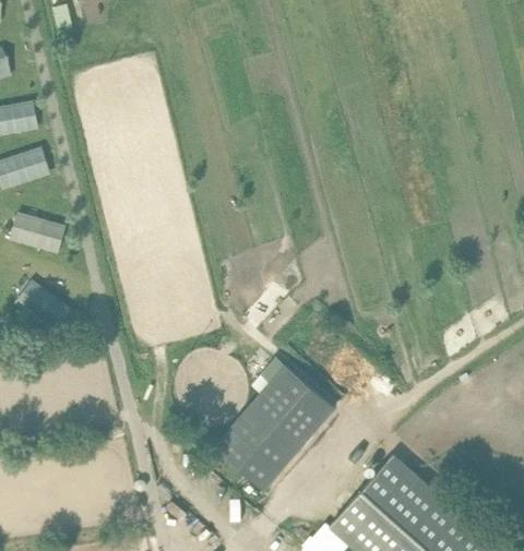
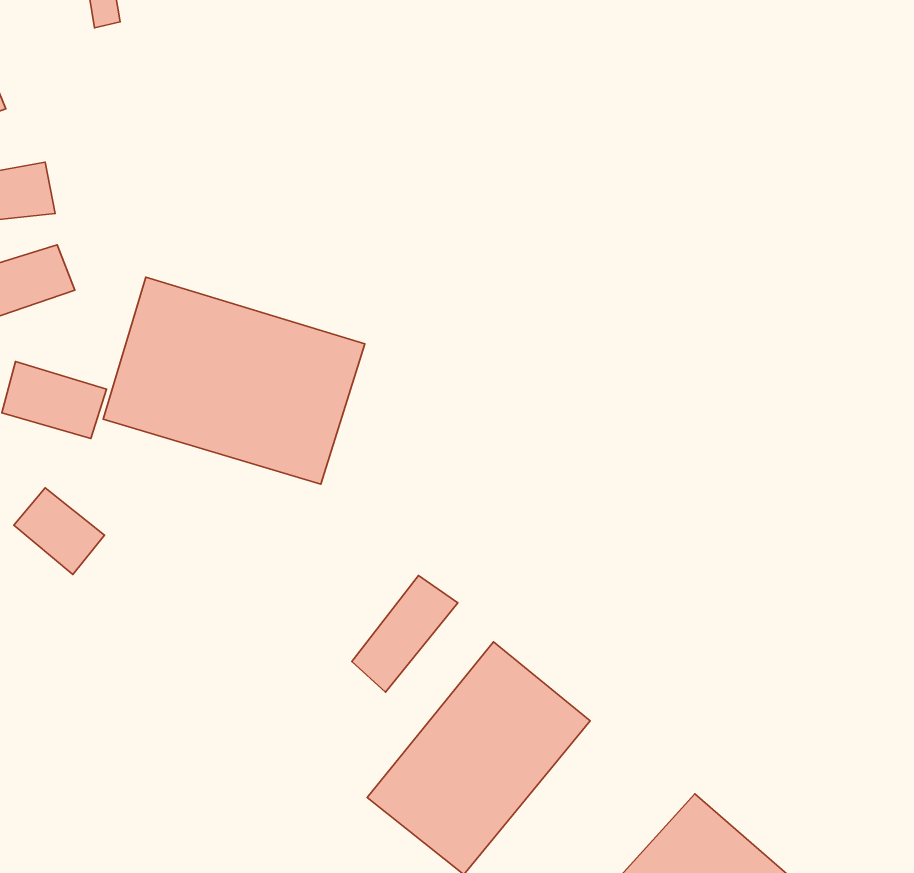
building: none -> [103,277,365,484]
building: none -> [352,575,458,692]

